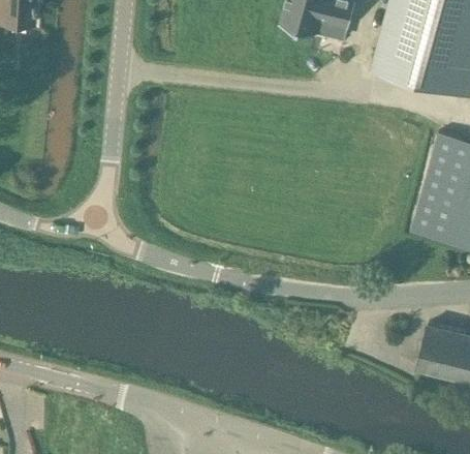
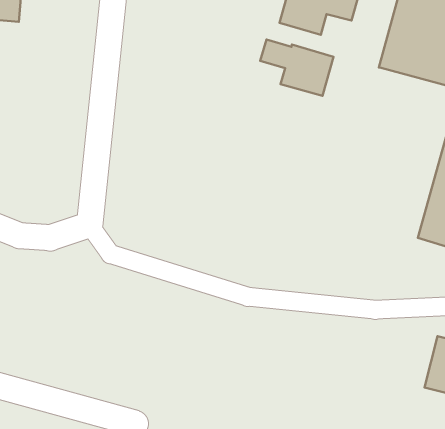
building: none -> [260,39,333,96]

